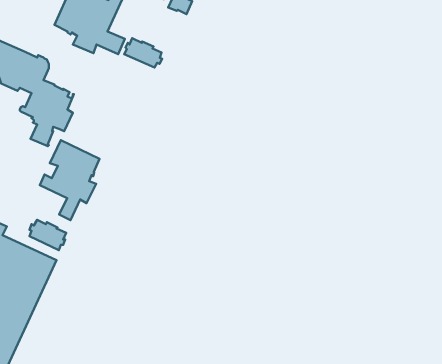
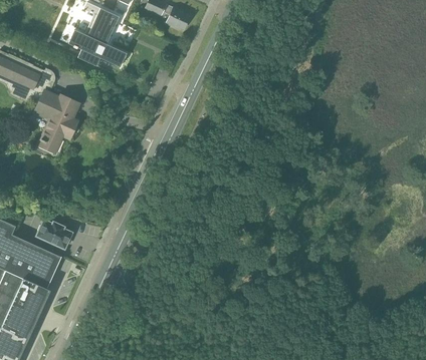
building: [124,38,162,68] -> none
building: [40,140,99,220] -> none

